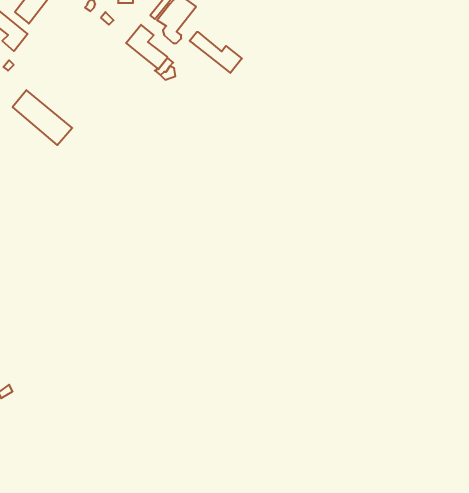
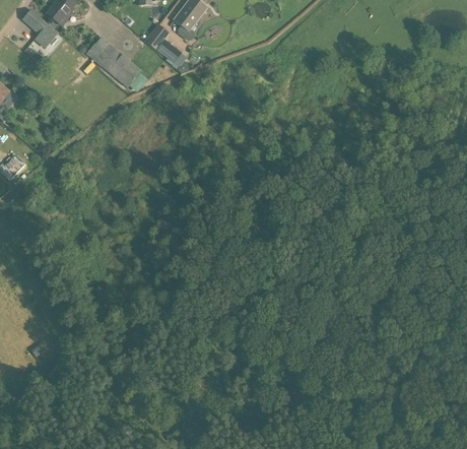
building: [190,32,242,73] -> none
building: [13,90,72,145] -> [88,37,141,85]

